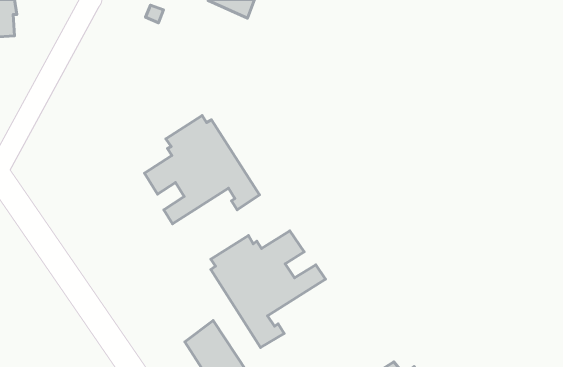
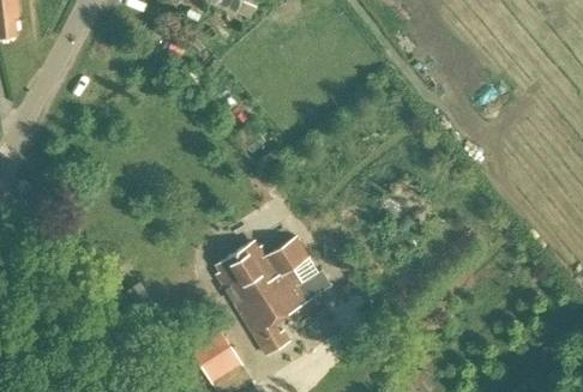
building: [145,115,259,224] -> none

